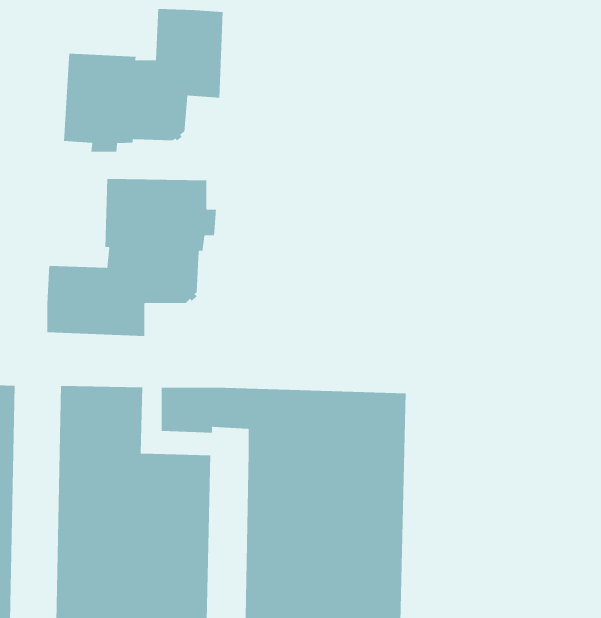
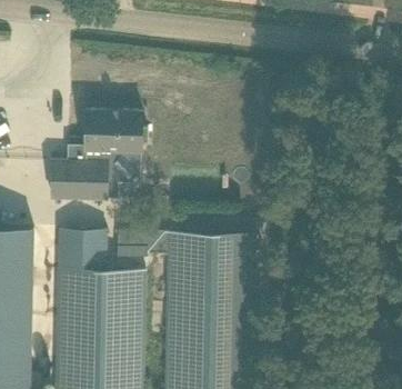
building: [63,8,224,152] -> none

